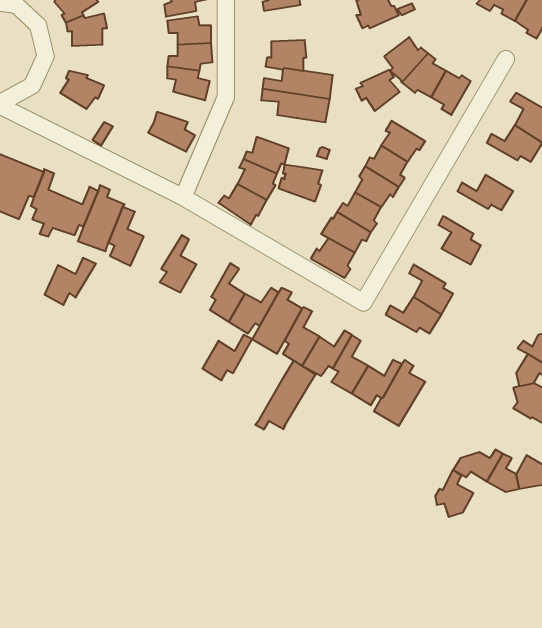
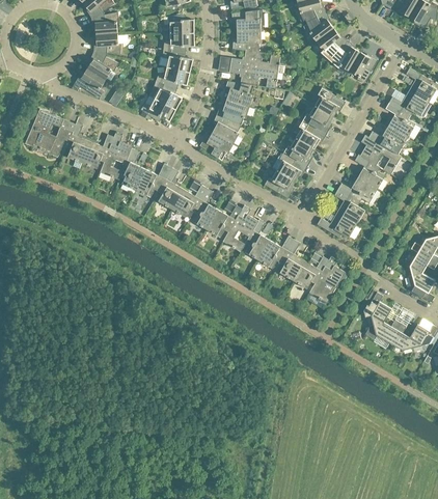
building: none -> [230,10,259,31]
building: none -> [92,33,120,55]
building: [356,70,400,111] -> [302,12,333,41]
building: none -> [155,66,189,88]
building: none -> [74,67,105,98]
building: none -> [140,98,175,122]
building: none -> [384,103,415,137]
building: [279,165,323,201] -> [222,81,253,107]
building: none -> [359,135,401,174]
building: none -> [336,177,377,202]
building: [45,258,96,305] -> [136,164,172,197]
building: [202,335,252,380] -> [171,185,207,217]
building: [255,361,315,430] -> none
building: [435,470,473,517] -> [363,292,390,325]

